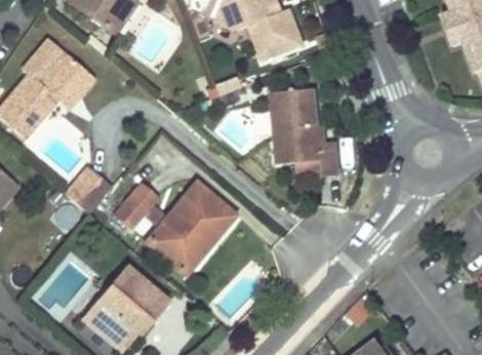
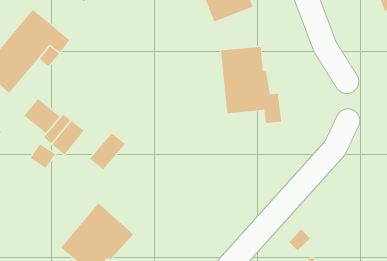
building: none -> [24,98,61,134]
building: [149,183,238,274] -> none

